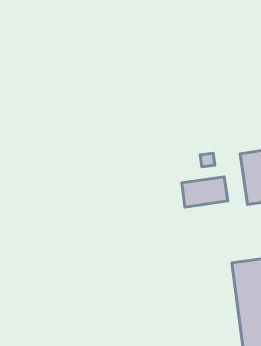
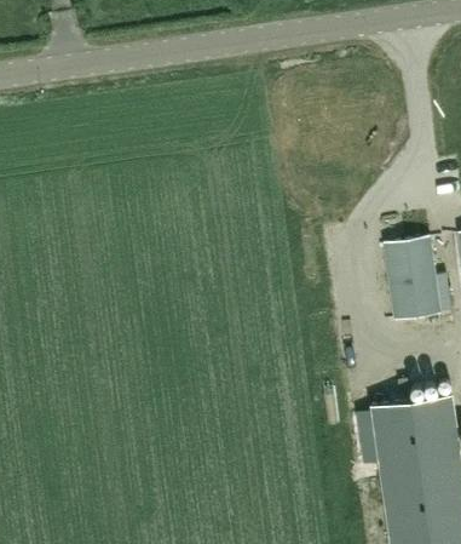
building: [182,177,228,207] -> none

